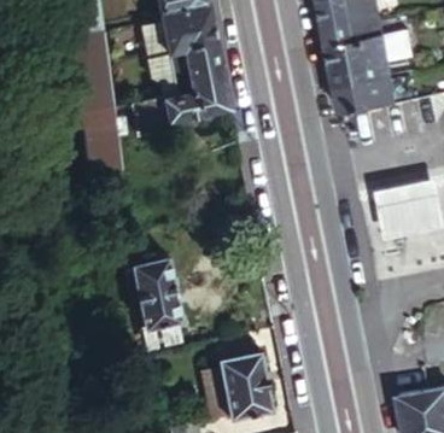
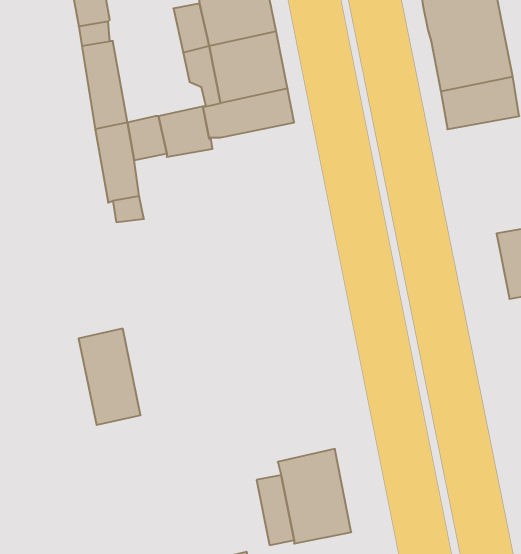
building: [133,251,179,322] -> [79,329,141,425]

